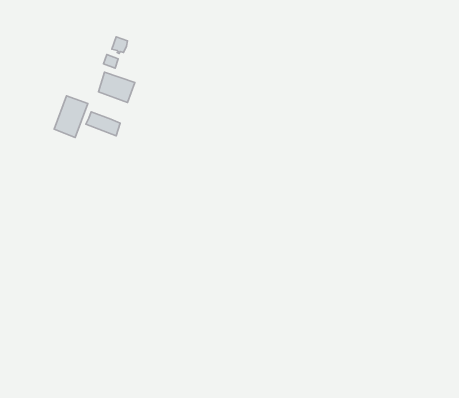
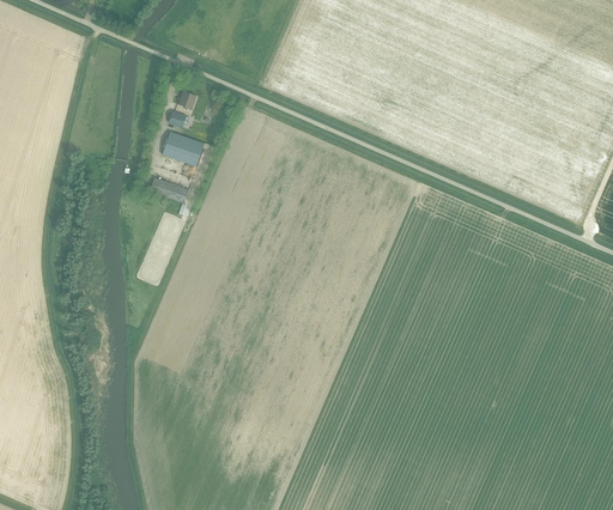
building: [54,96,88,138] -> none

